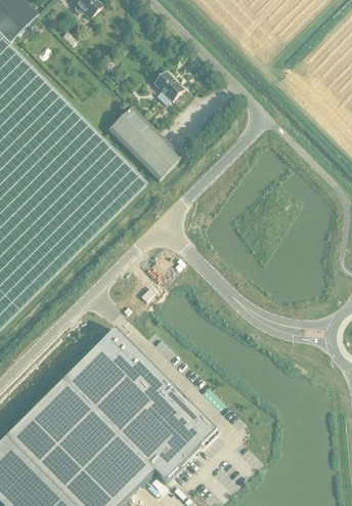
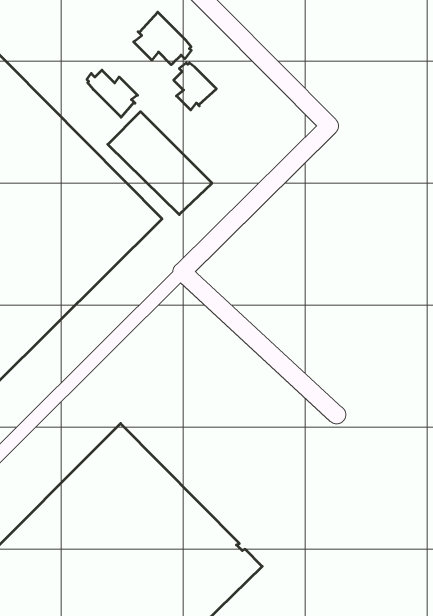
building: none -> [134,12,191,65]
building: none -> [87,70,138,117]

